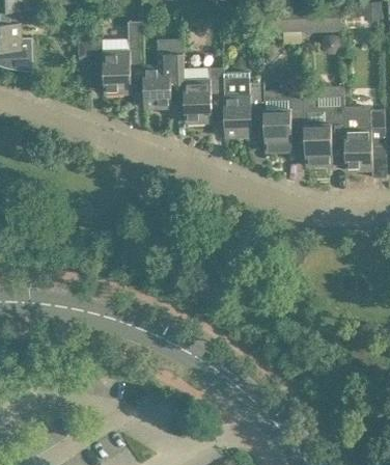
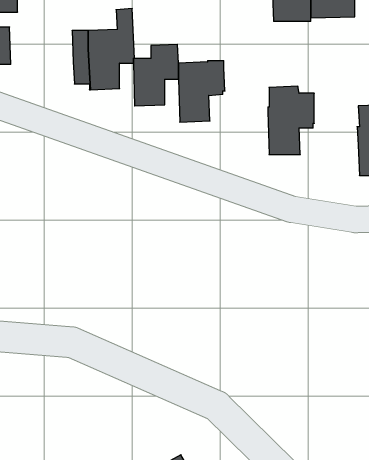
building: [222,74,263,137] -> none
building: [303,86,344,166] -> none

